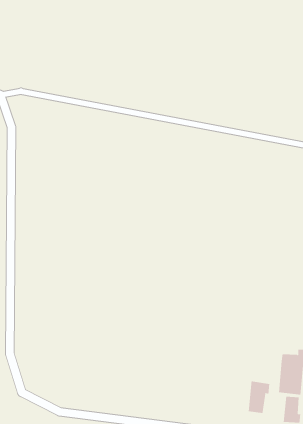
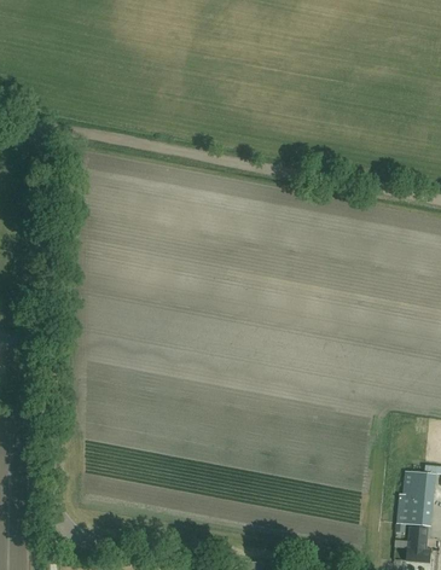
building: [248,381,270,414] -> none

